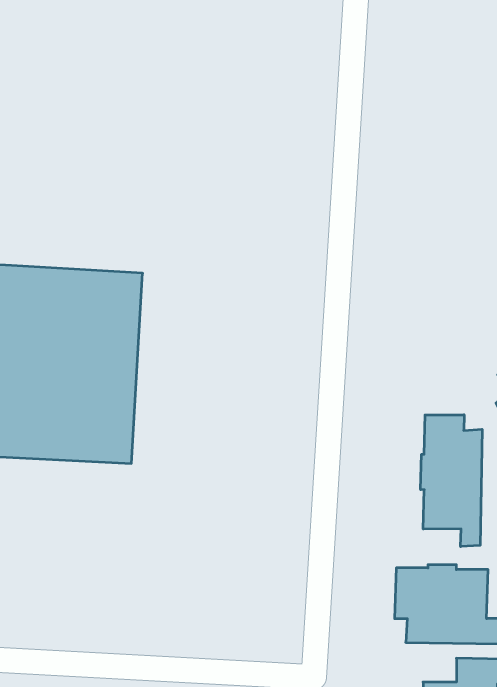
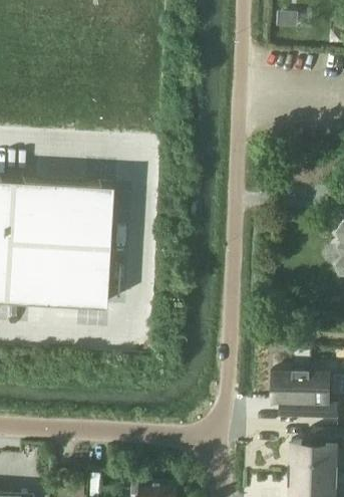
building: [421,415,482,547] -> none

